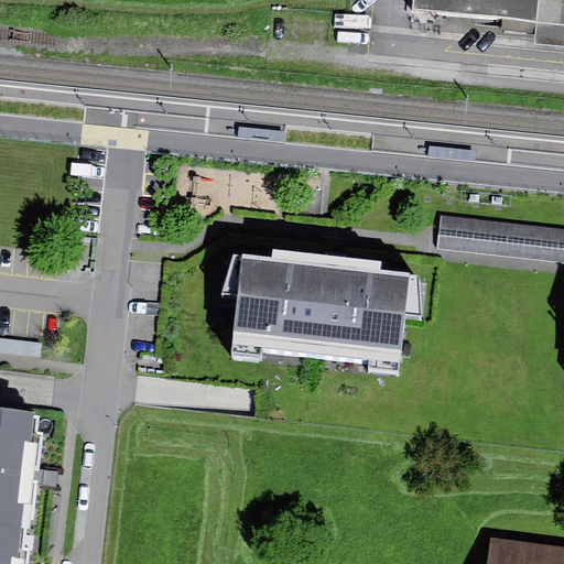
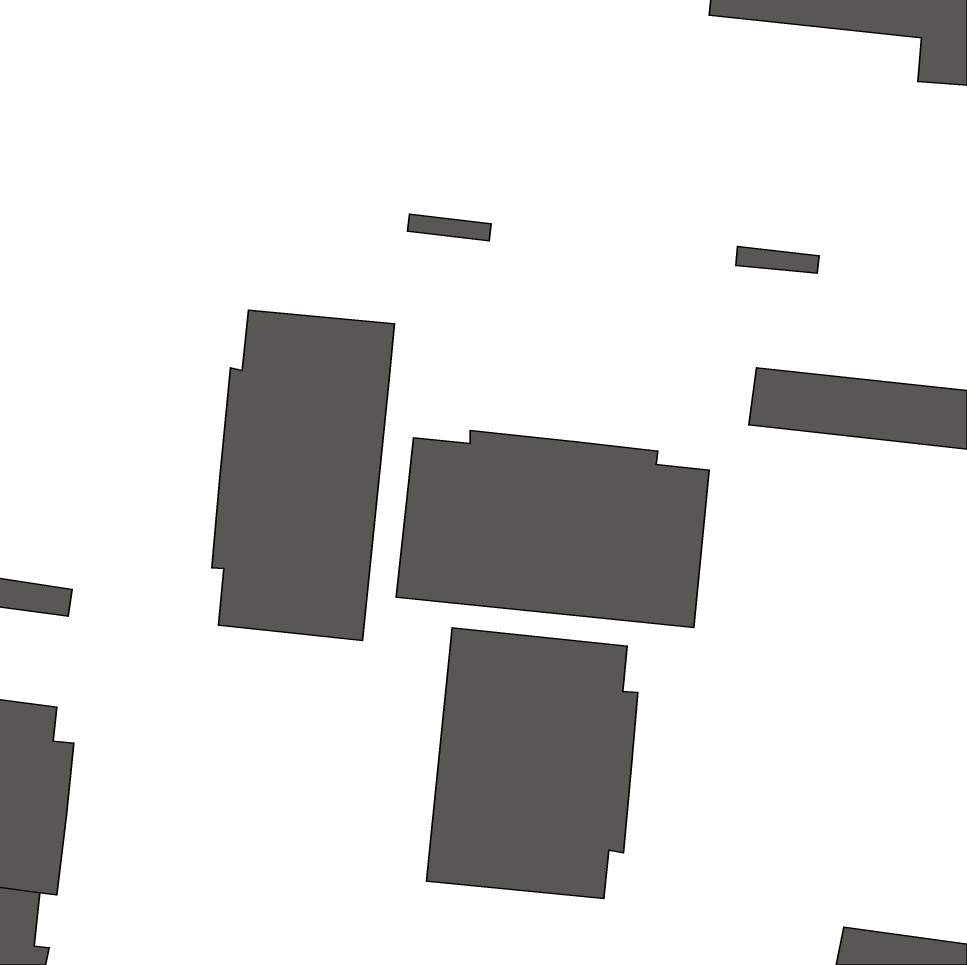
building: none -> [212,310,395,641]
building: none -> [426,628,638,898]

